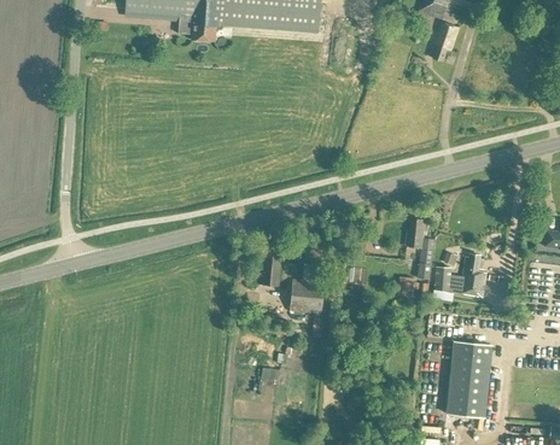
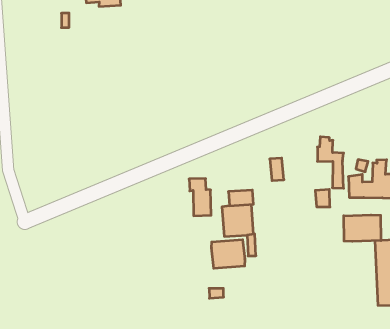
building: none -> [344,215,381,241]
building: none -> [212,240,245,268]

